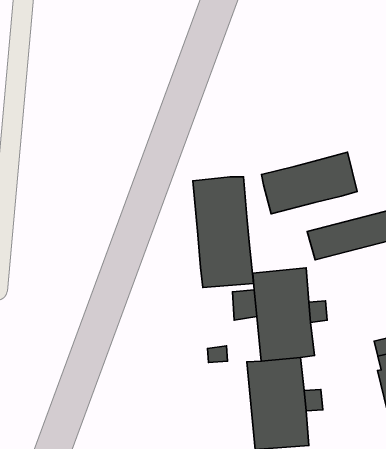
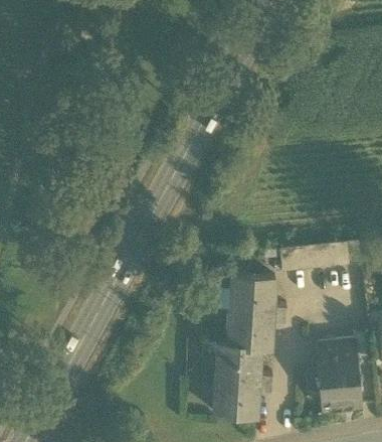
building: [262,152,357,214] -> none
building: [193,177,254,287] -> none

